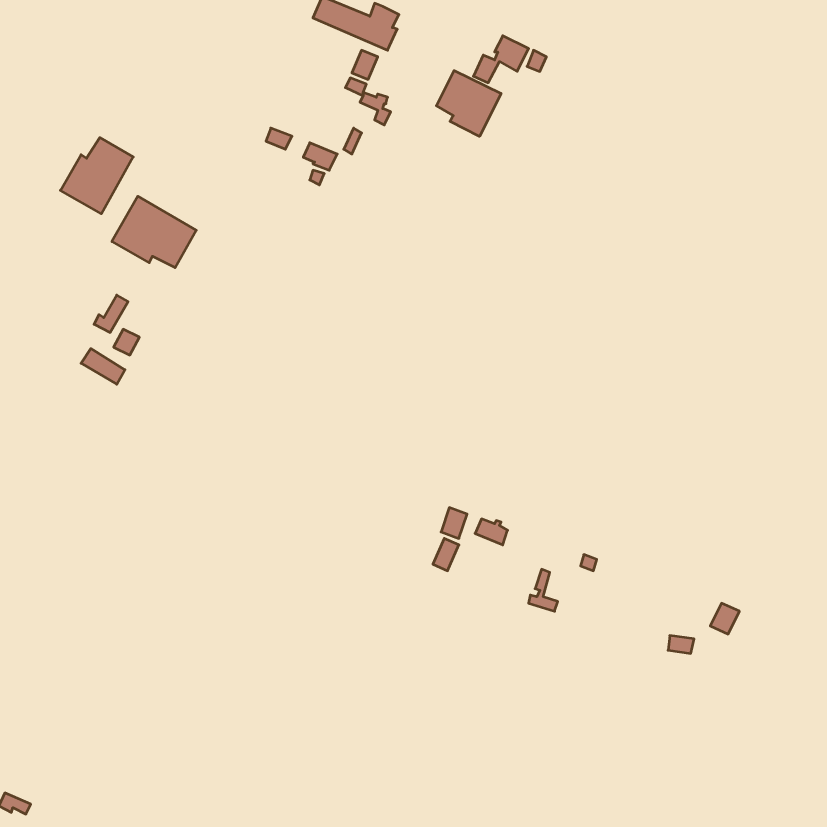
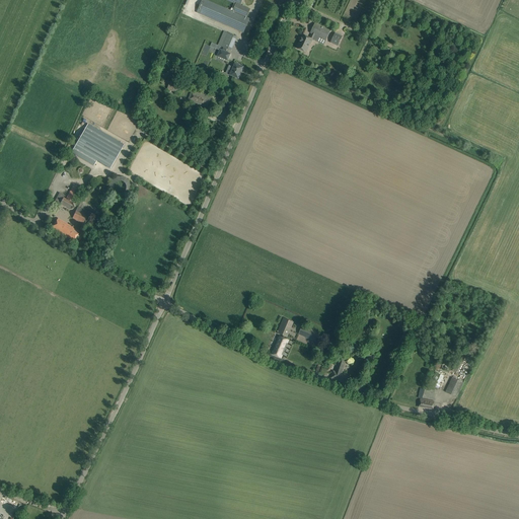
building: [436,71,501,136] -> none
building: [60,138,133,214] -> none

